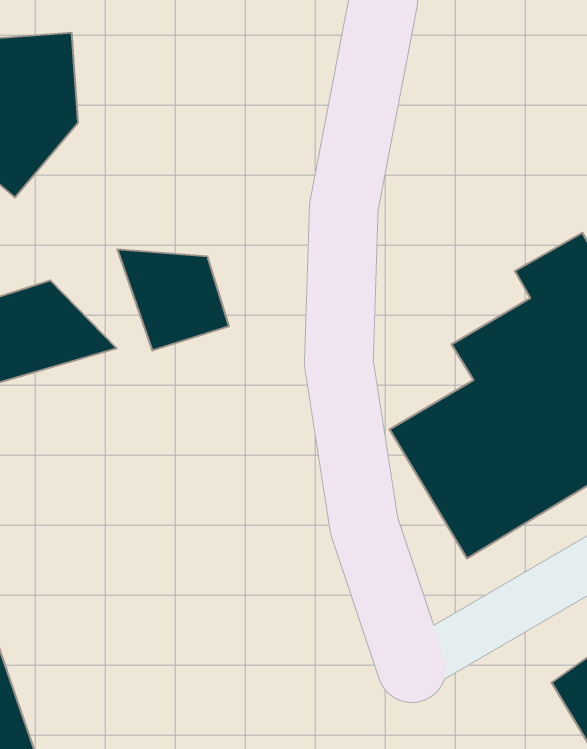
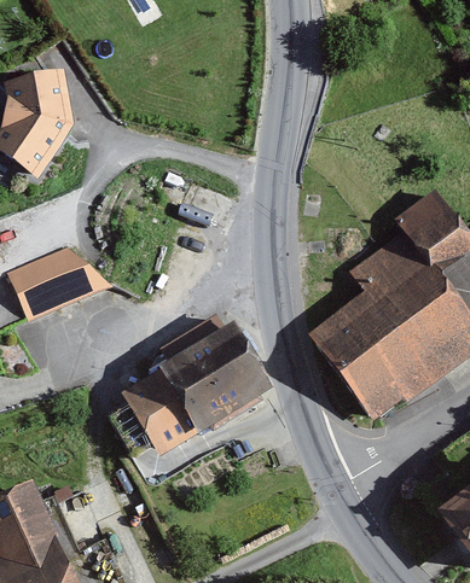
building: [117,249,229,351] -> none
building: none -> [121,326,269,456]

